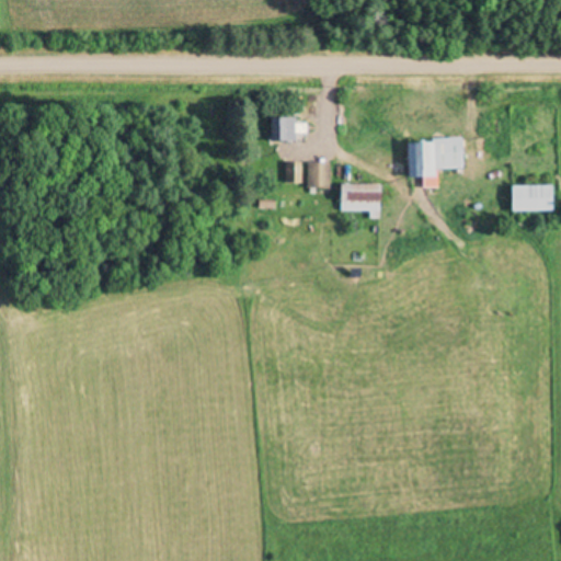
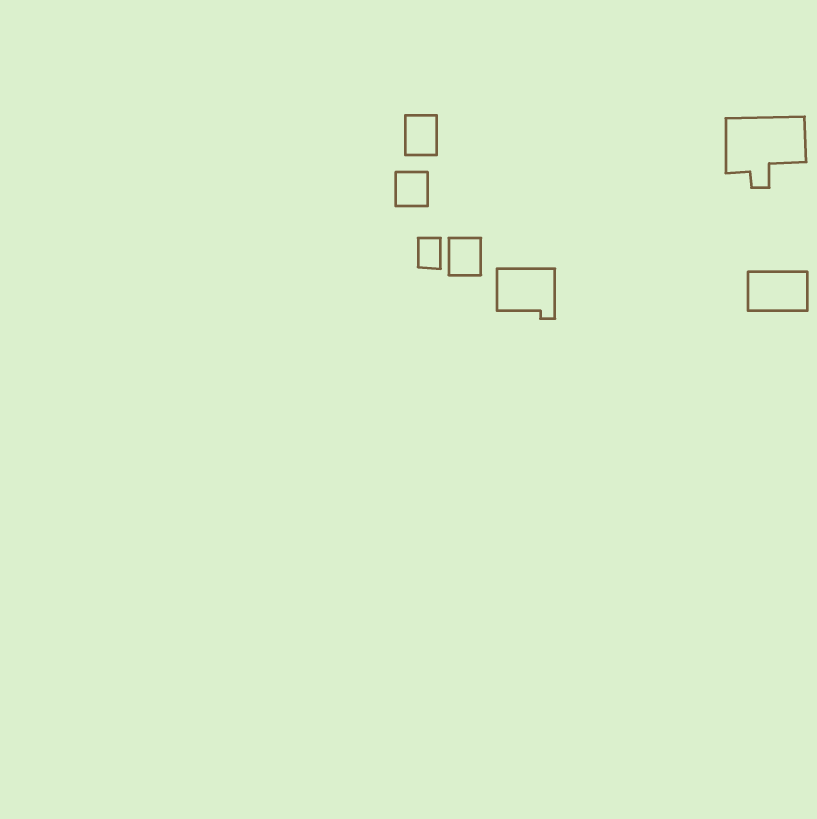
building: none -> [405,115,437,155]
building: [409,138,463,186] -> [726,117,806,188]

